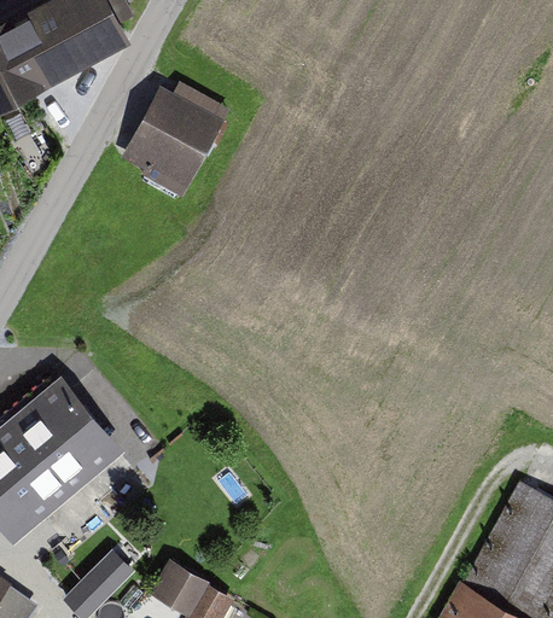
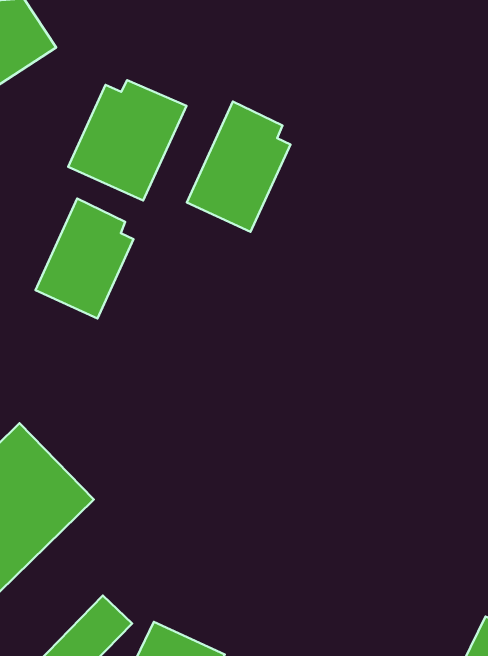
building: none -> [187,101,290,232]
building: none -> [35,198,134,319]

